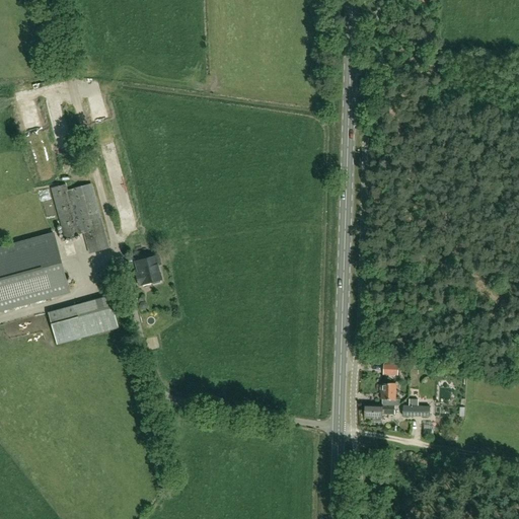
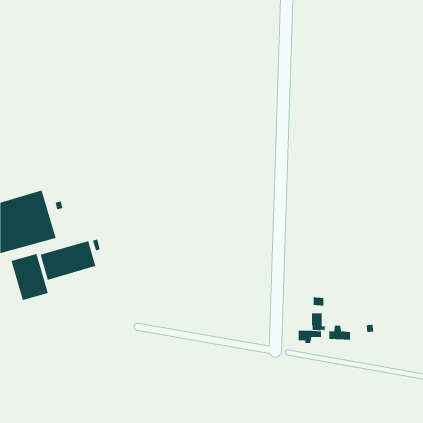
building: [51,182,107,251] -> none
building: [134,254,160,284] -> none
building: none -> [11,253,48,301]

